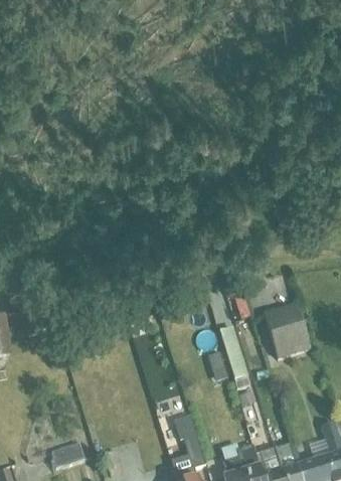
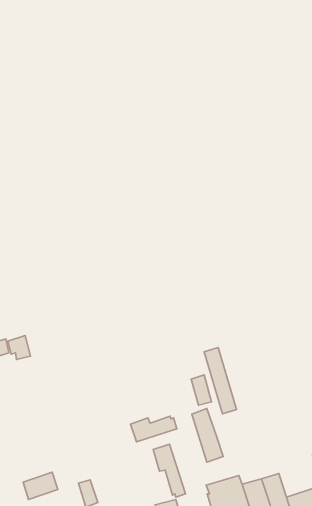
building: [263,302,311,358] -> none
building: none -> [192,408,223,462]
building: none -> [131,416,177,442]

